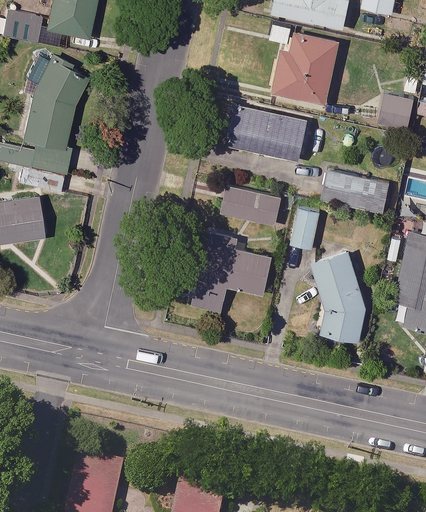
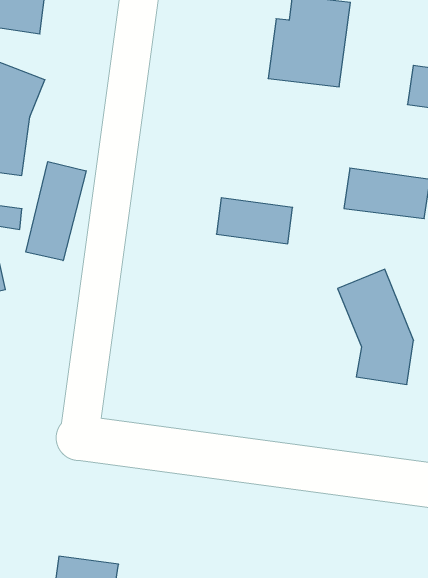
building: [224,103,307,161] -> none
building: none -> [26,162,86,261]
building: [289,208,319,249] -> none
building: [191,231,272,313] -> none

